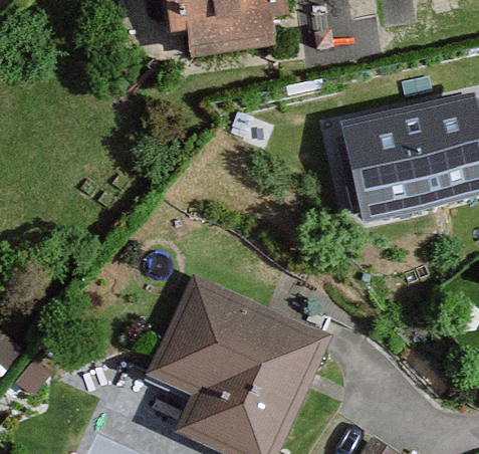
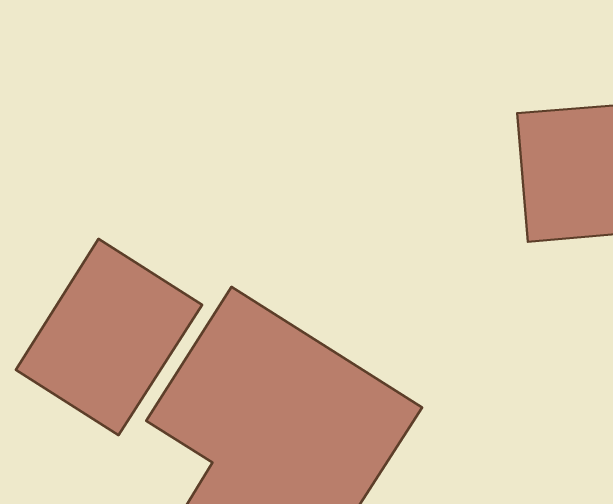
building: none -> [16,239,202,435]

